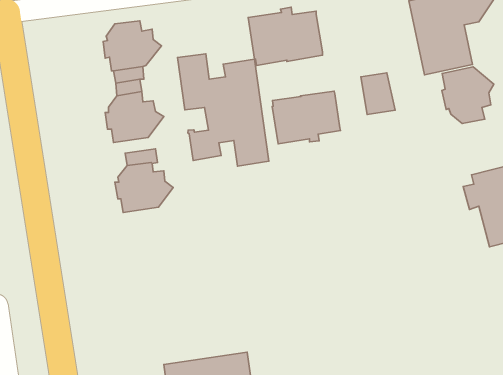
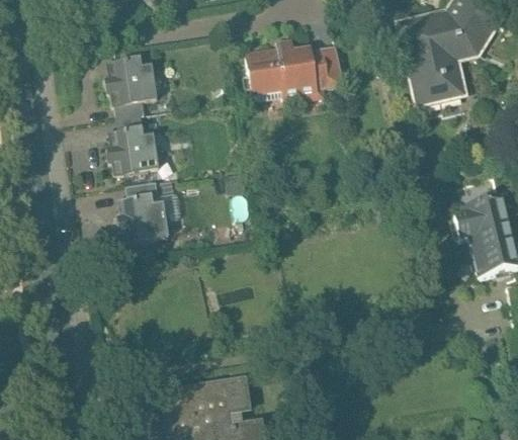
building: [177,54,269,166] -> none
building: [442,67,494,124] -> none
building: [361,73,395,114] -> [313,46,346,86]
building: [272,91,341,144] -> none

